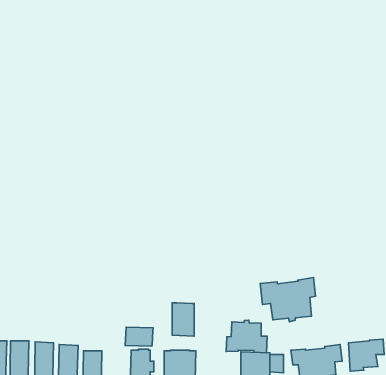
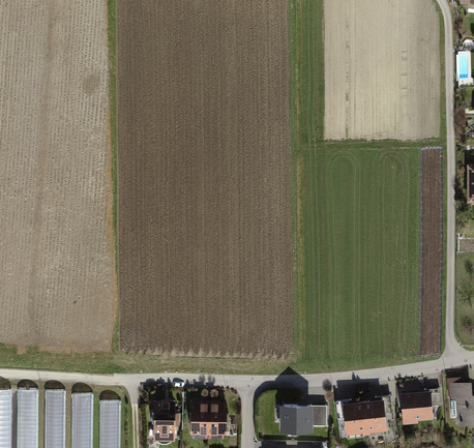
building: [260,277,315,322] -> none
building: [172,303,194,336] -> none
building: [226,320,267,353] -> none
building: [125,327,153,346] -> none

